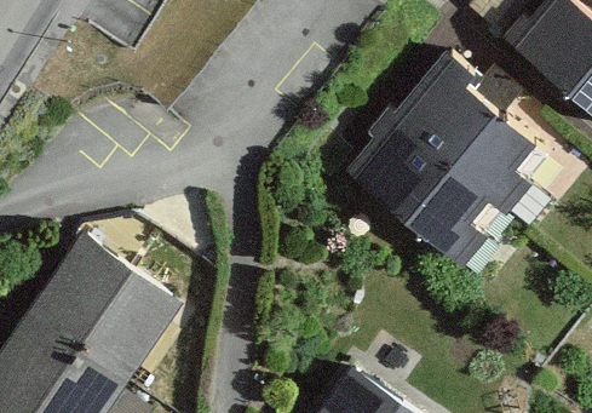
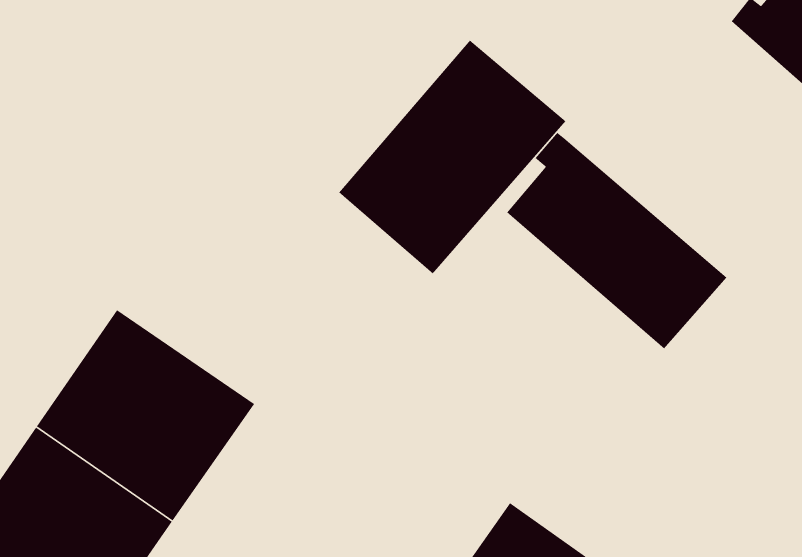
building: none -> [338,40,566,275]
building: [393,67,550,214] -> none

